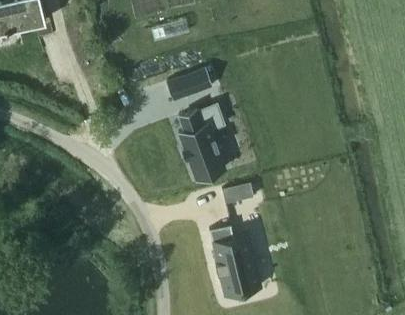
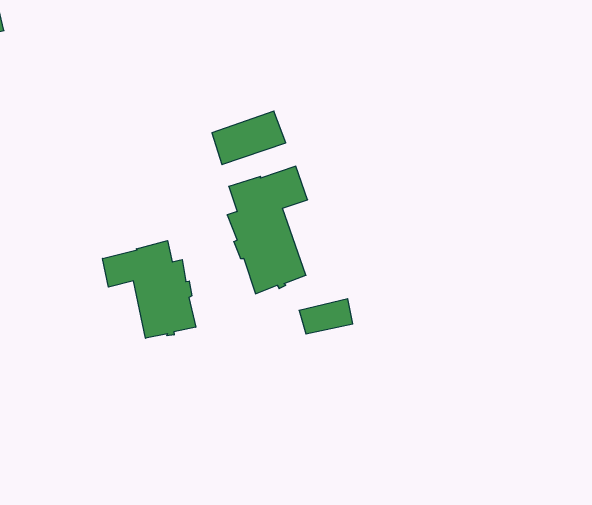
building: none -> [103,241,196,338]
building: [209,227,260,297] -> none

